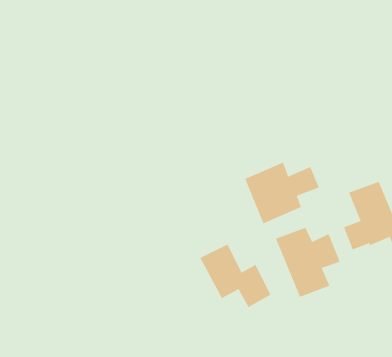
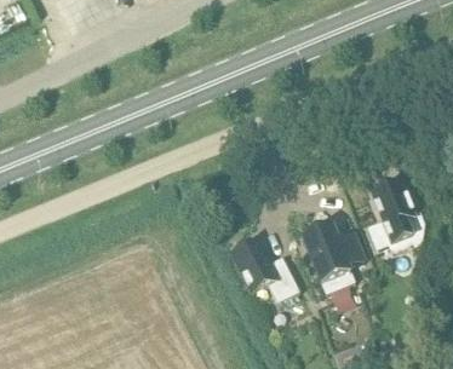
building: [245,162,319,224] -> none

